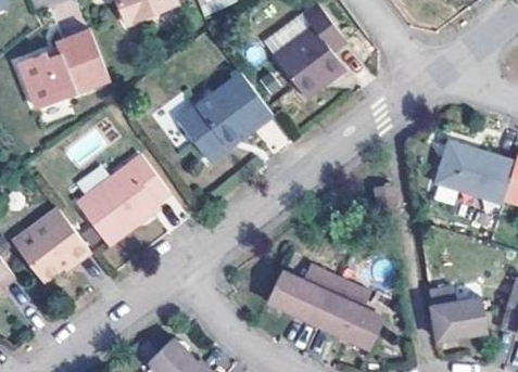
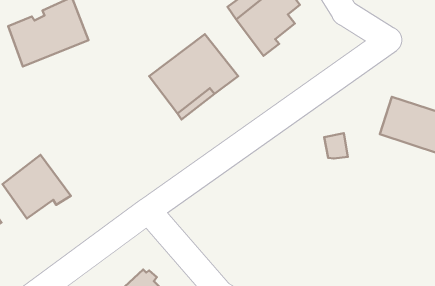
building: [80,154,170,242] -> none
building: [276,268,386,347] -> none
building: [428,283,485,333] -> none

